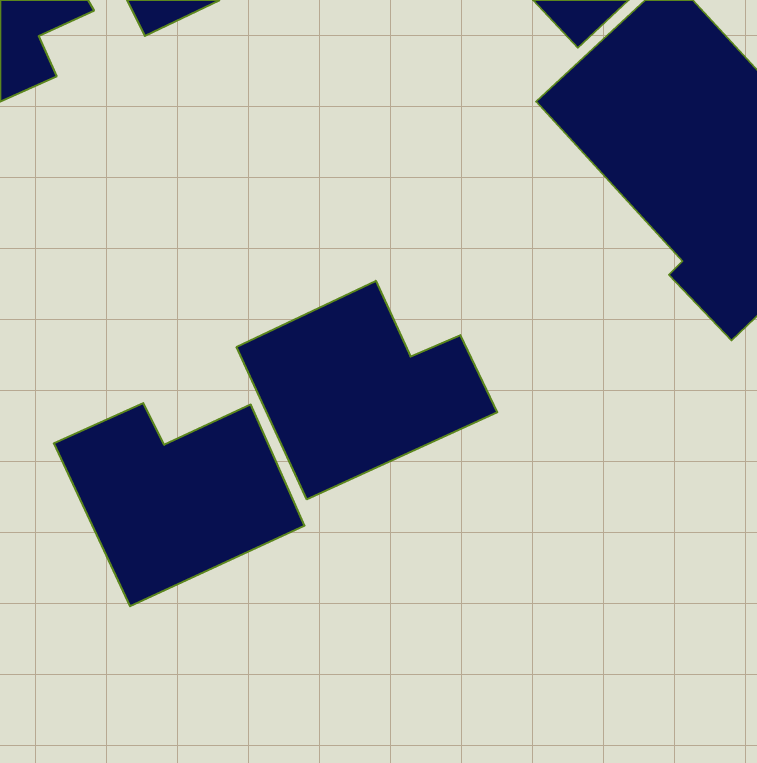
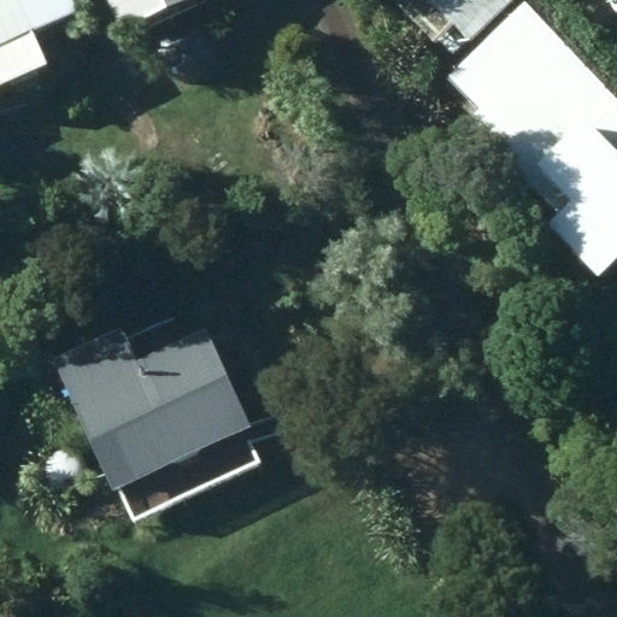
building: [237,281,497,499] -> none

